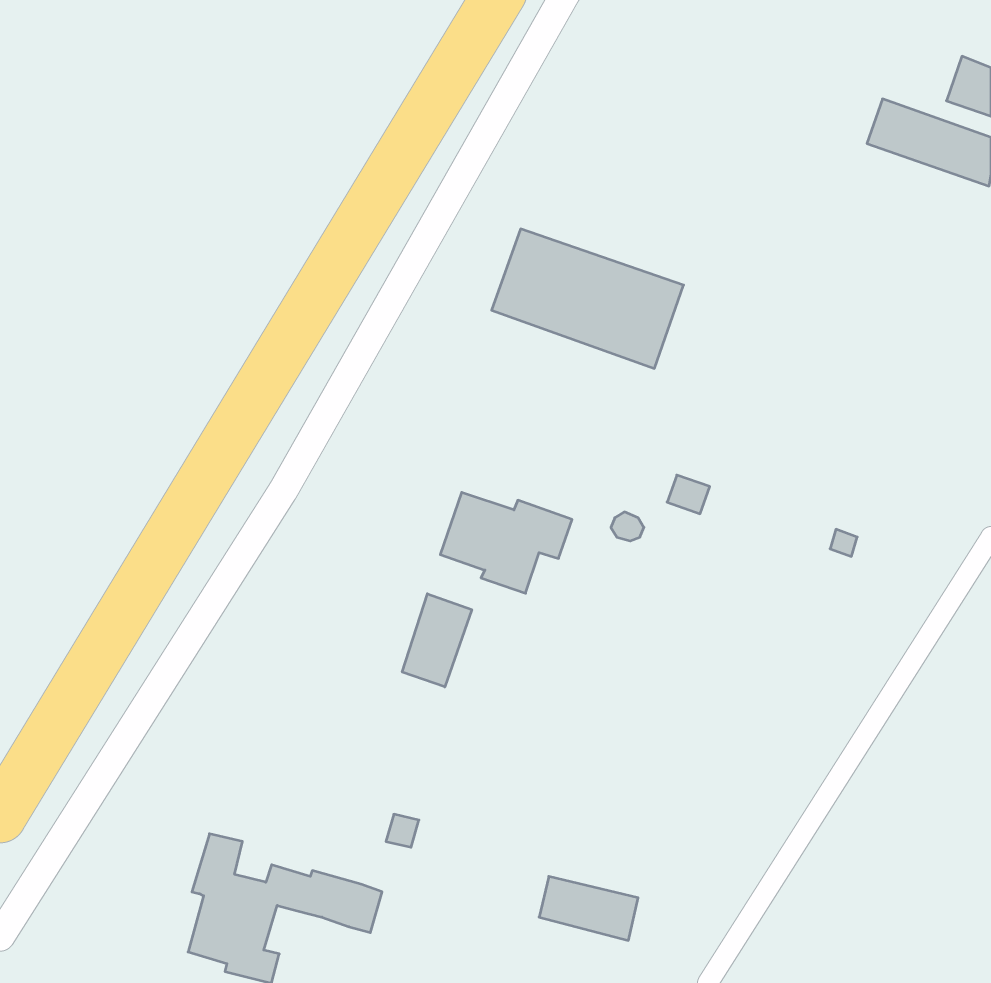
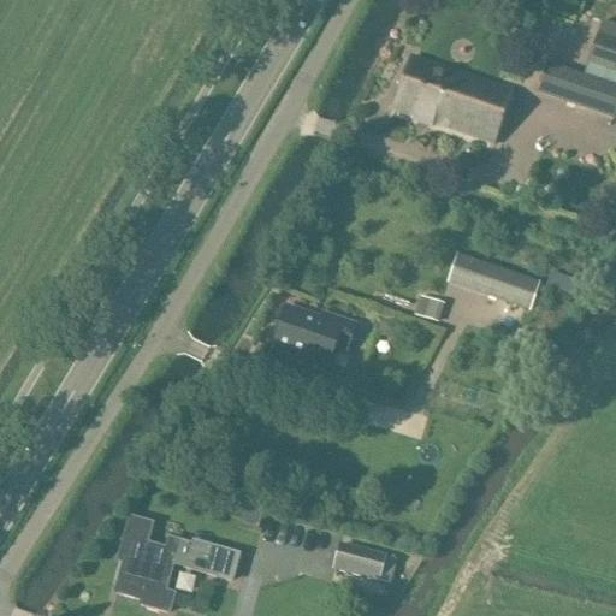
building: [492,229,684,368] -> [392,55,511,142]
building: none -> [448,253,539,306]
building: [402,594,472,687] -> none

